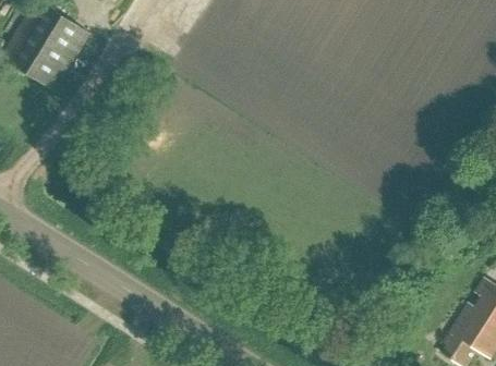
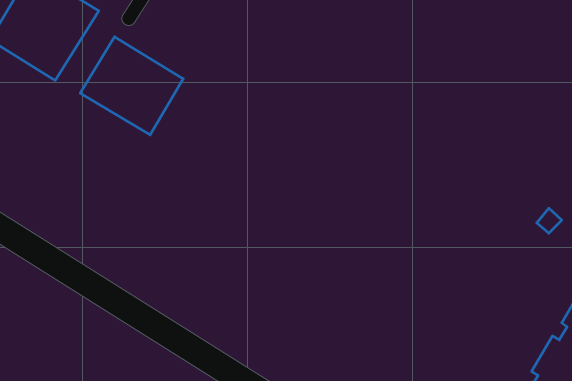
building: none -> [80,37,183,135]

